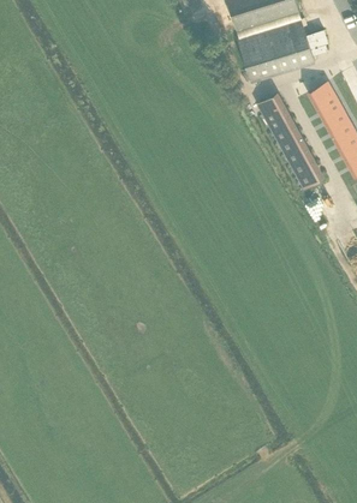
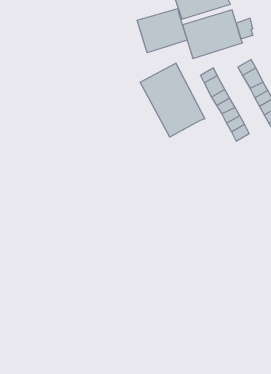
building: none -> [137,9,187,53]
building: none -> [140,63,205,137]

